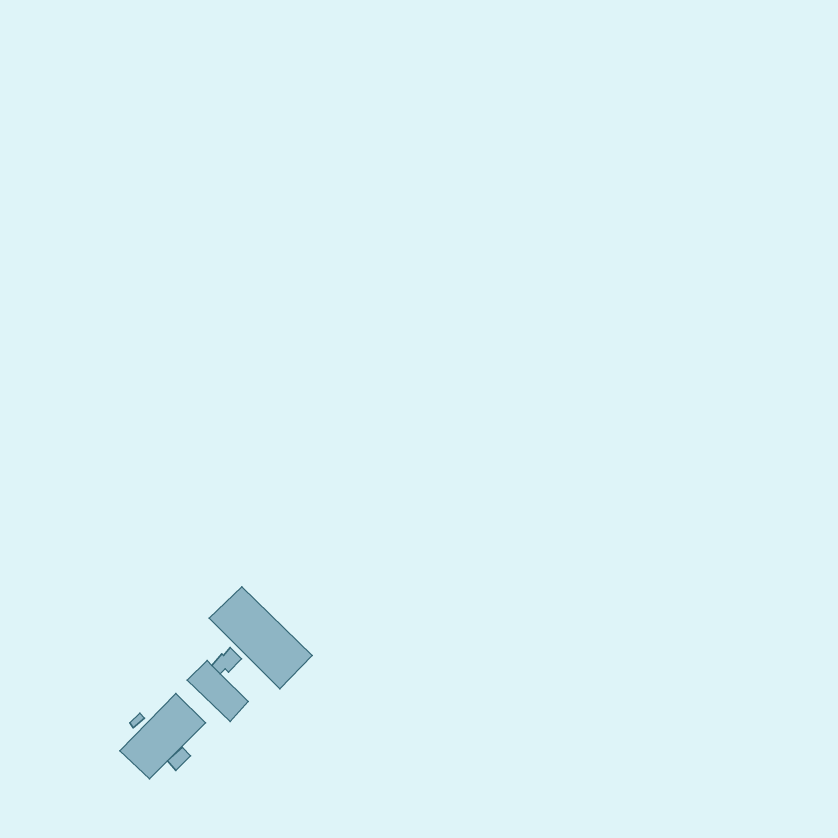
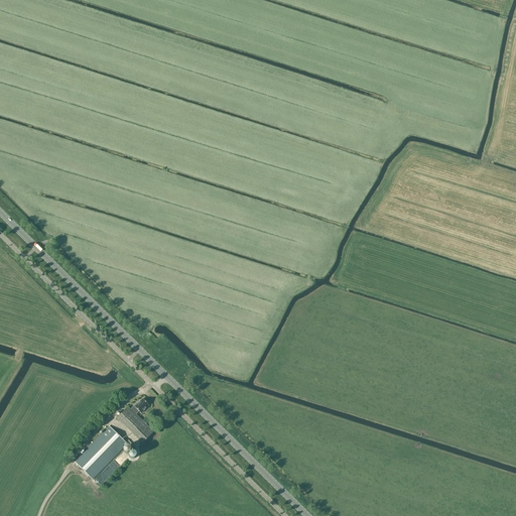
building: [209,587,312,689] -> none

